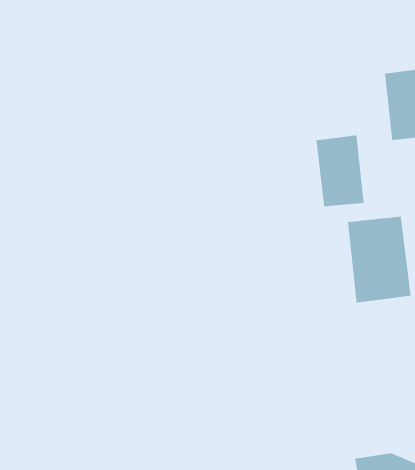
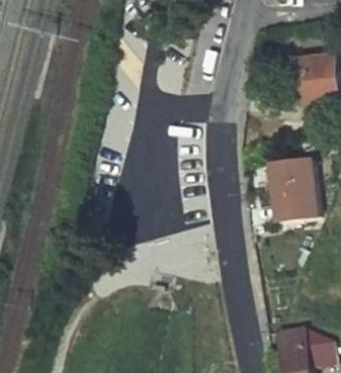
building: [316,135,364,207] -> none

